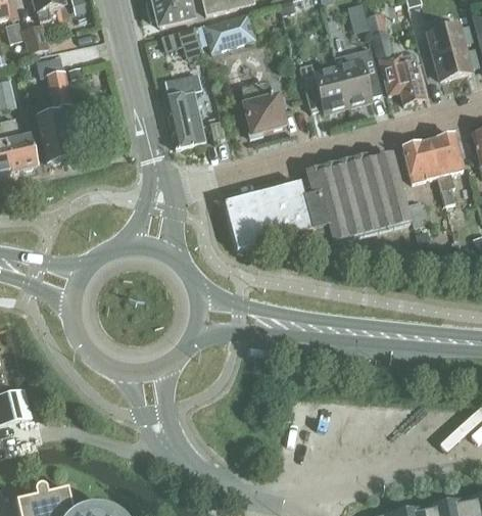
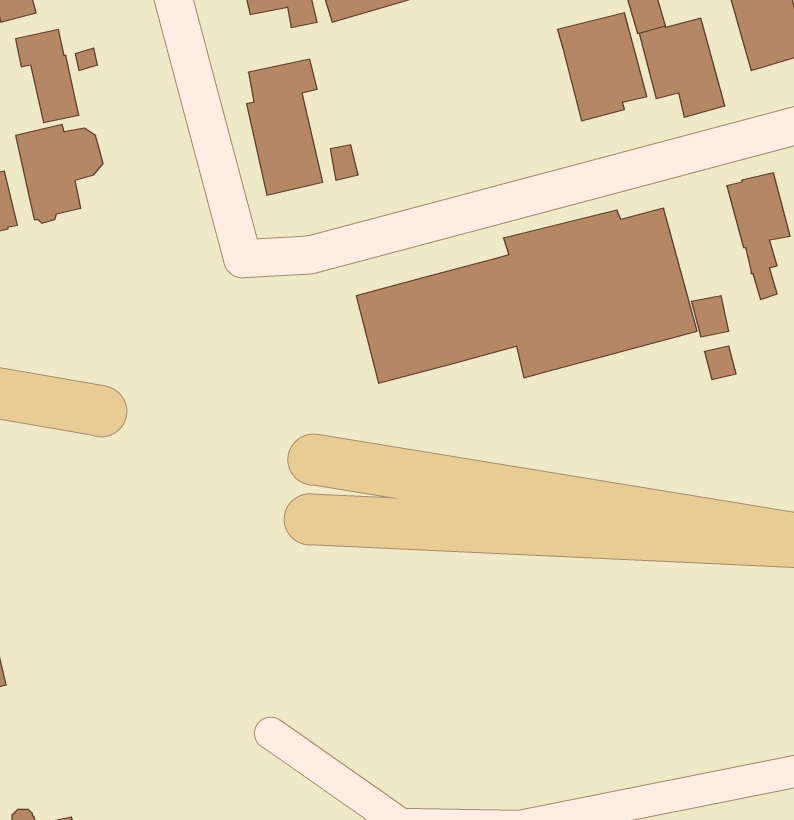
building: [299,61,347,111] -> none
building: [241,79,285,136] -> none
building: [402,141,436,181] -> none

